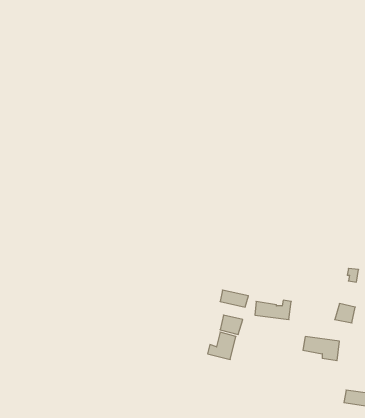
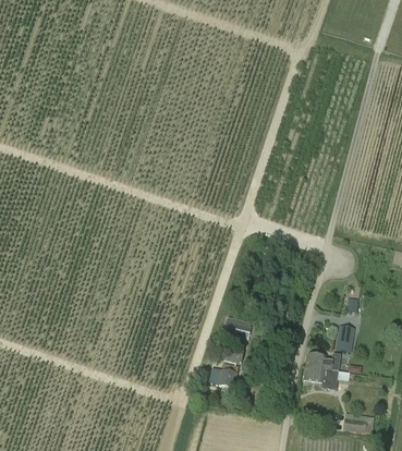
building: [255,300,291,320] -> [305,351,340,369]

